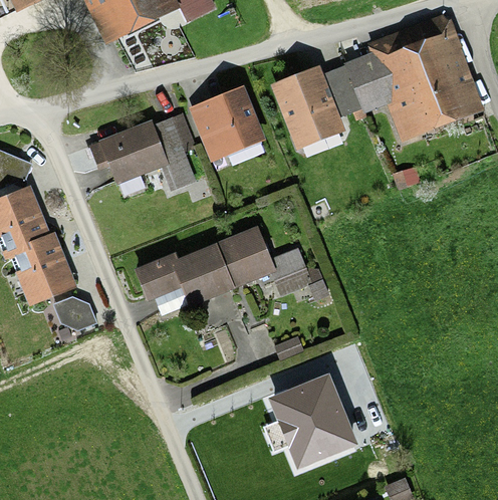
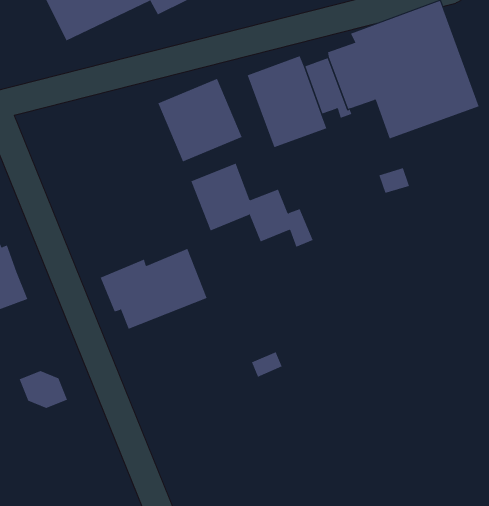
building: [89,113,196,201] -> none
building: [216,224,329,302] -> [190,163,313,248]
building: [52,296,97,331] -> [19,370,68,409]
building: [263,370,357,467] -> none

